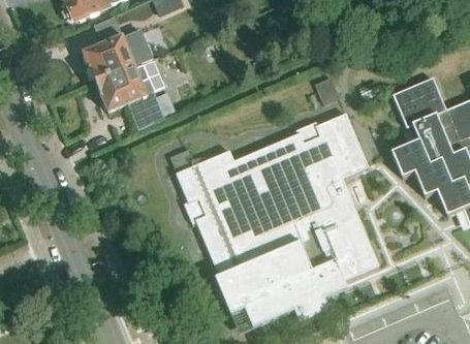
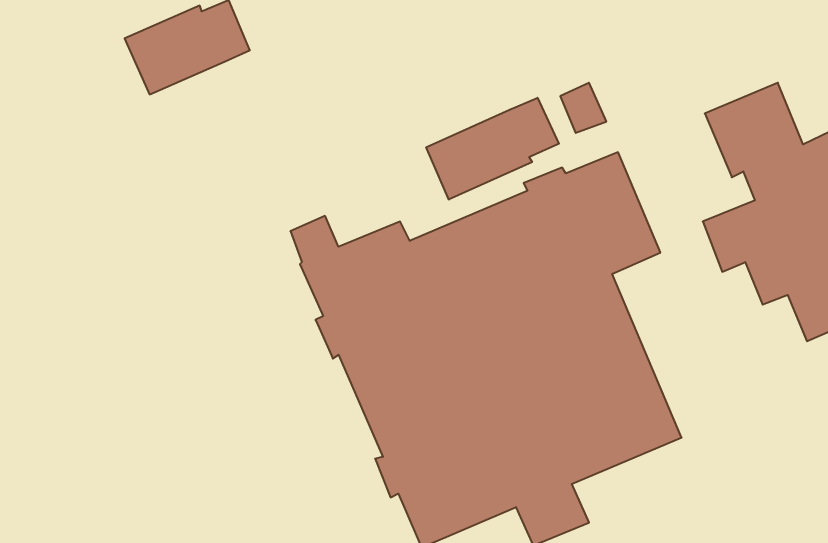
building: [95,59,165,129] -> none
building: none -> [426,98,559,200]

